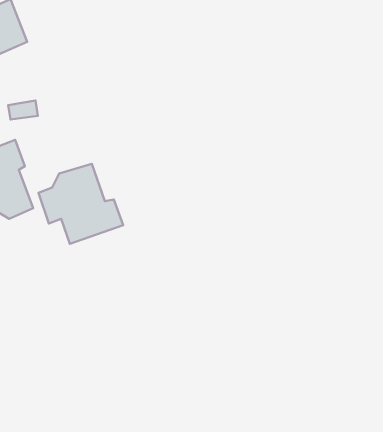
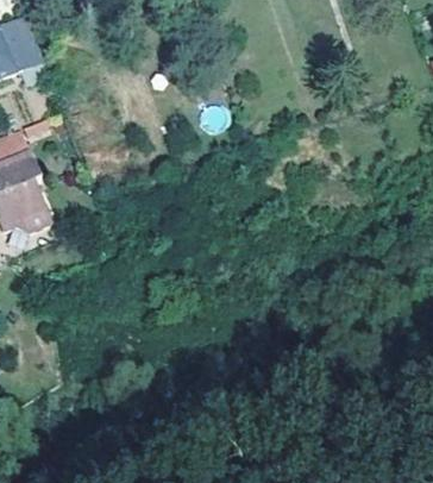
building: [38,164,123,244] -> none

